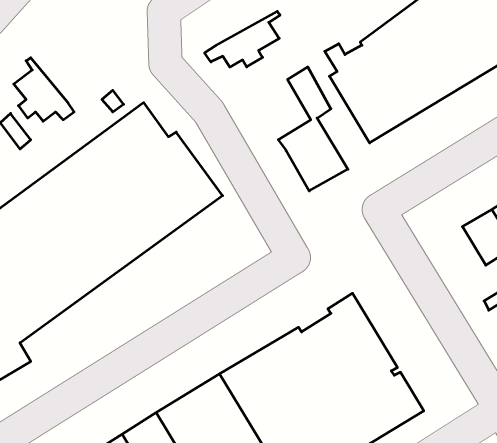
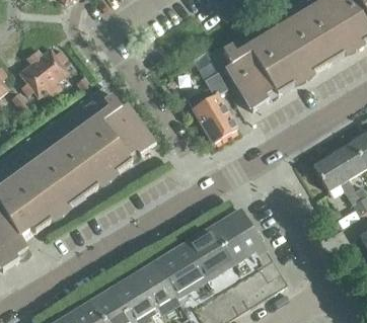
building: [205,11,280,67] -> none
building: none -> [30,48,70,90]

